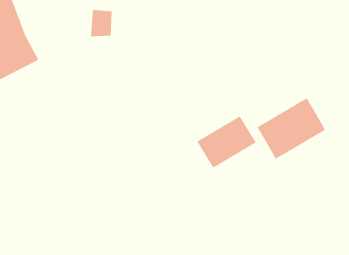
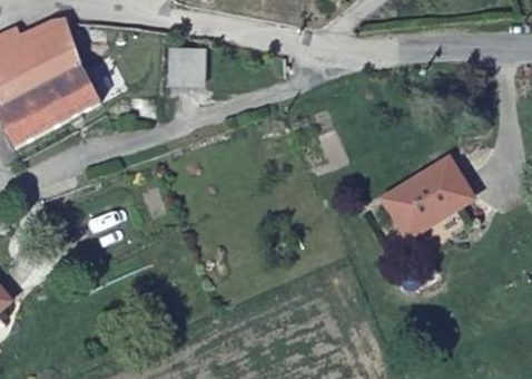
building: [197,116,257,169] -> none

